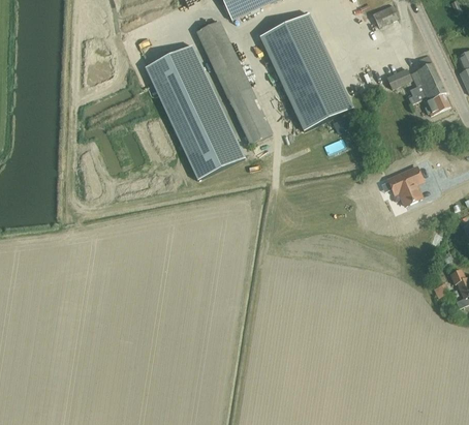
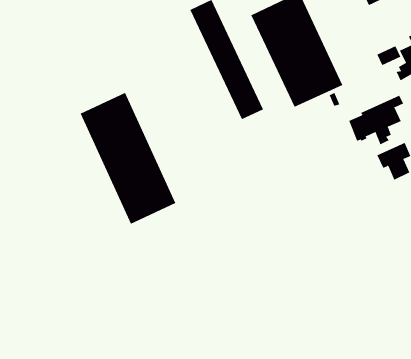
building: [146,44,244,179] -> [80,92,176,224]
building: none -> [348,95,404,145]

